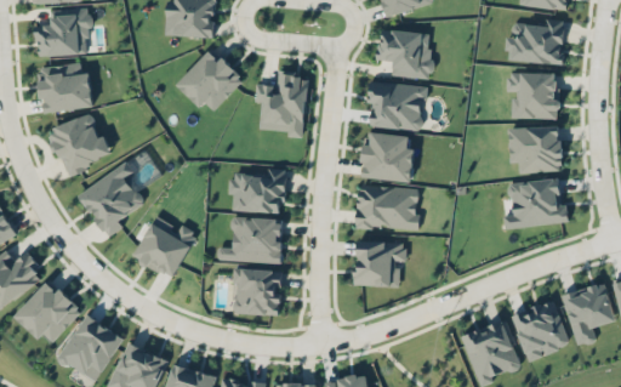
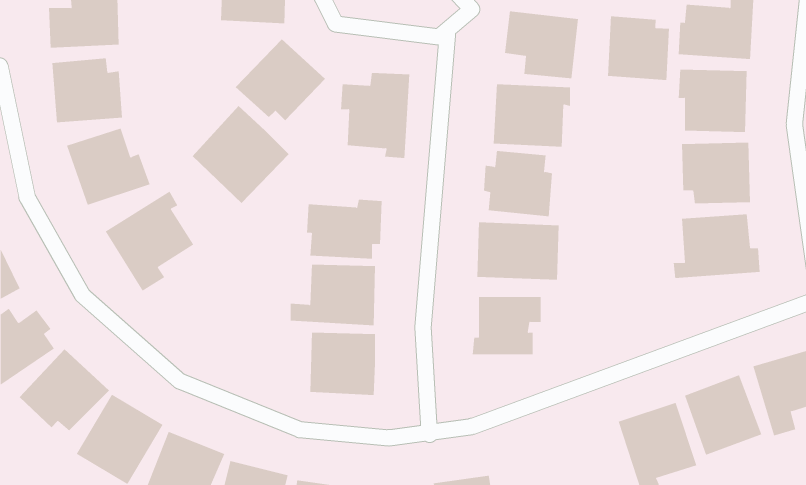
building: none -> [608,16,670,81]
building: none -> [192,105,289,204]
building: [132,216,198,279] -> none

